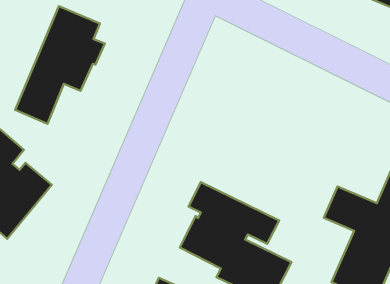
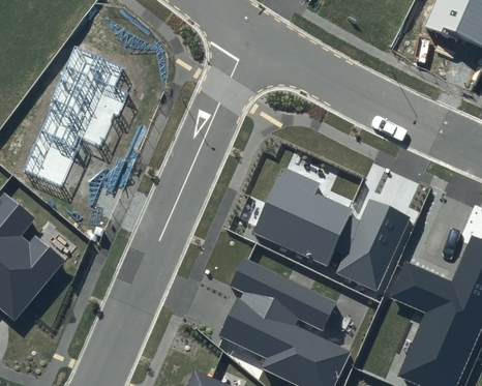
building: none -> [253,168,409,291]

